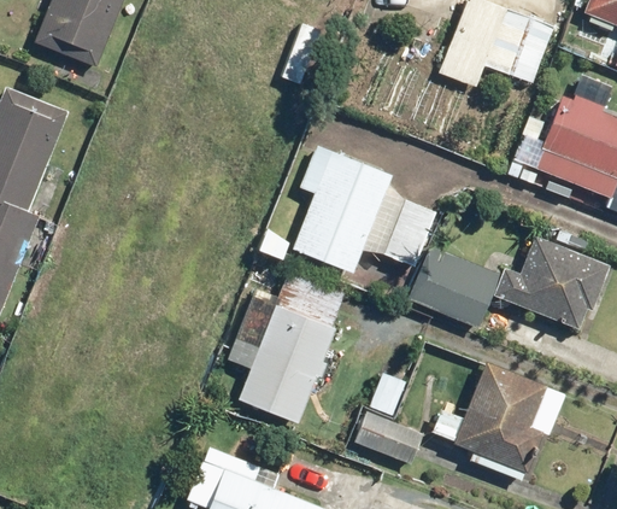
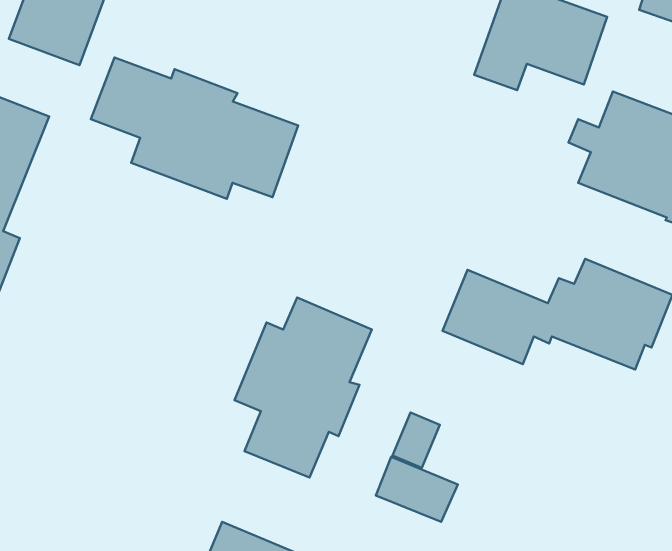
building: none -> [91,58,298,199]
building: [289,146,442,273] -> none
building: [429,359,564,486] -> none

